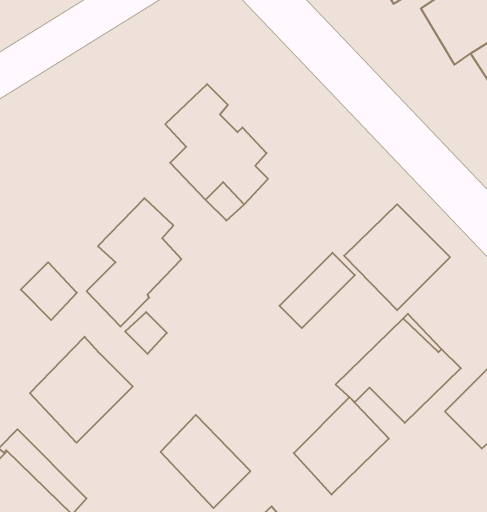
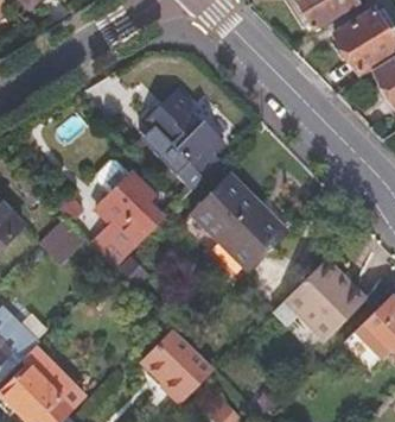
building: [344,204,450,310] -> [191,174,269,252]
building: [30,337,133,443] -> none
building: [294,397,389,495] -> none

